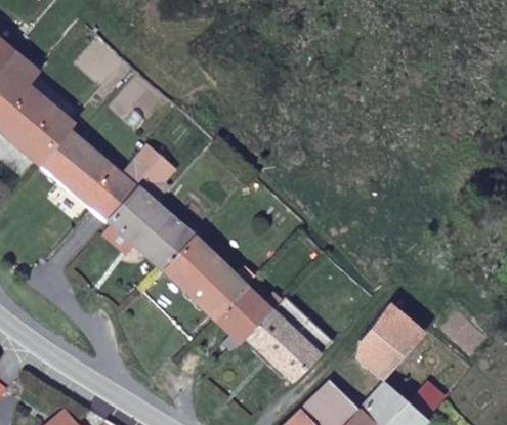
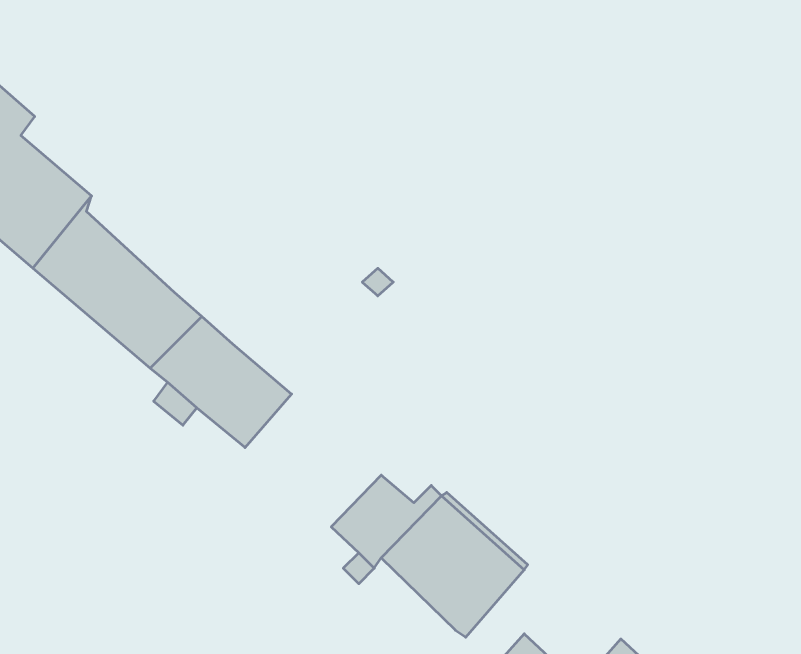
building: [122,147,175,209] -> none
building: [164,239,245,317] -> none
building: [360,305,427,384] -> none

